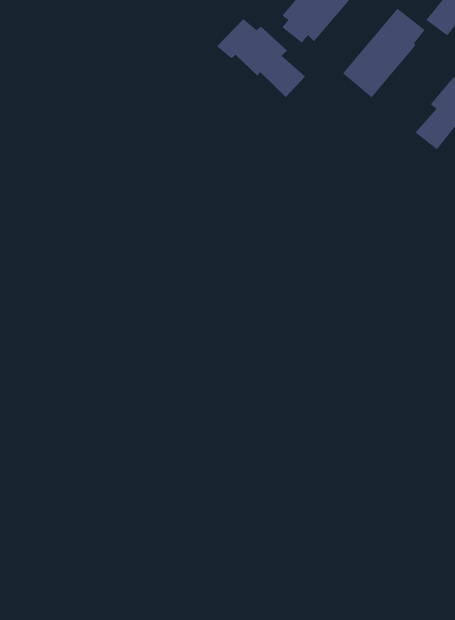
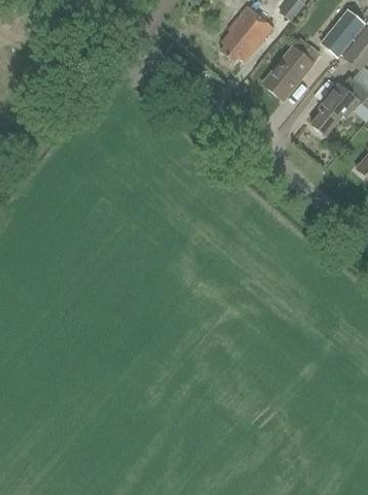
building: [216,18,306,98] -> none

